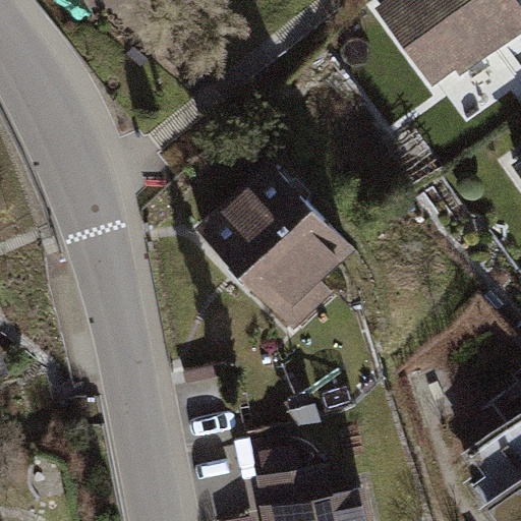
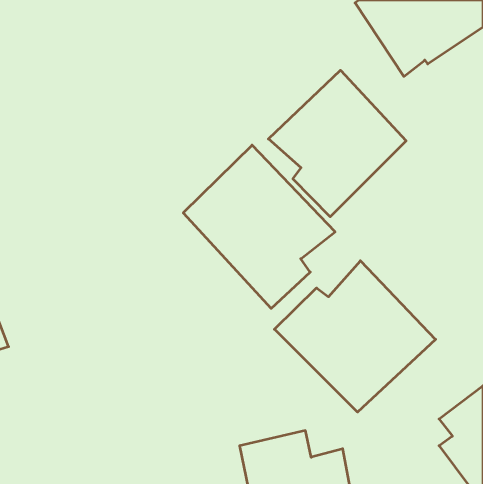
building: none -> [268,70,406,217]
building: none -> [274,261,436,412]

